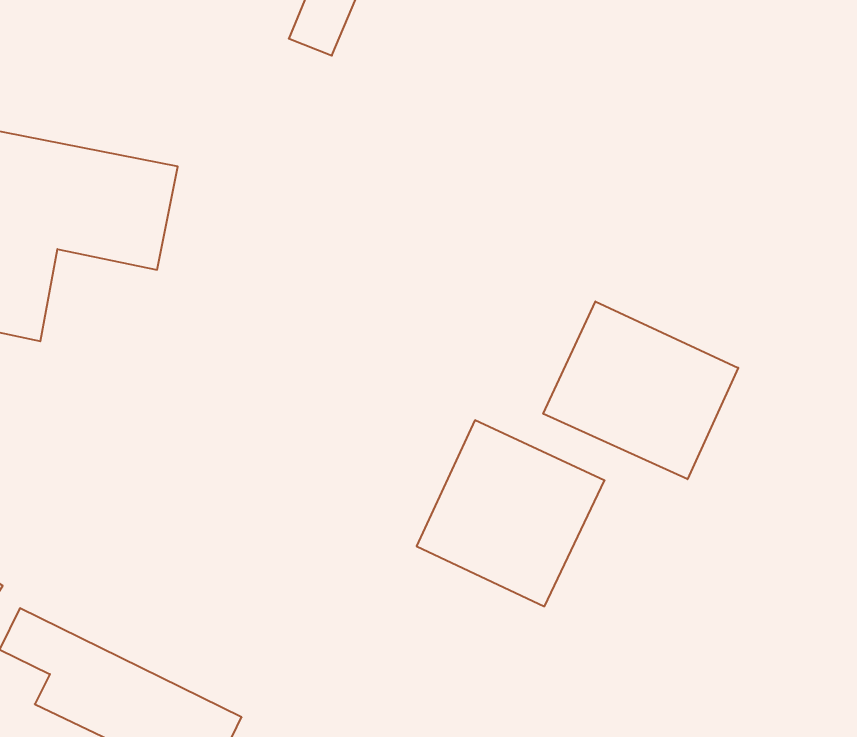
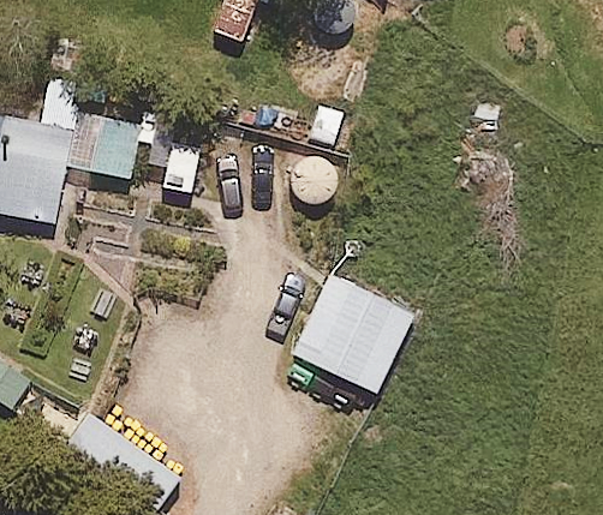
building: [543,301,738,479] -> none

